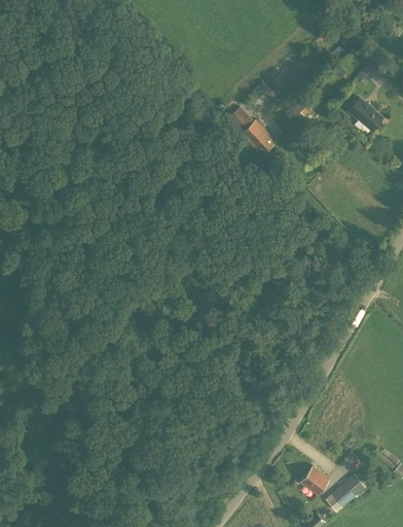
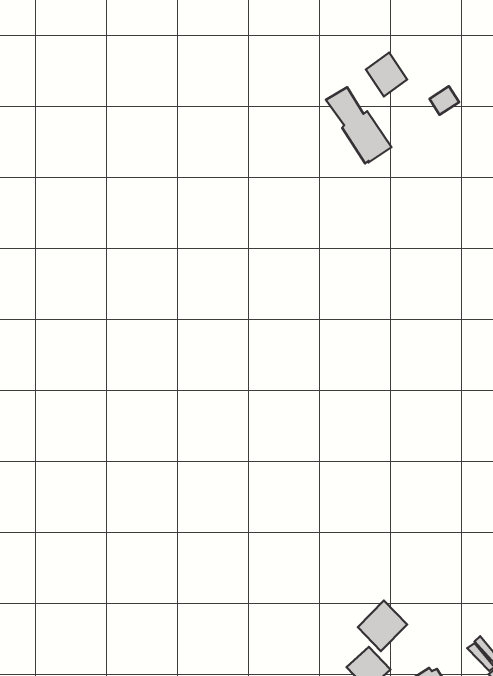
building: none -> [358,600,407,651]

